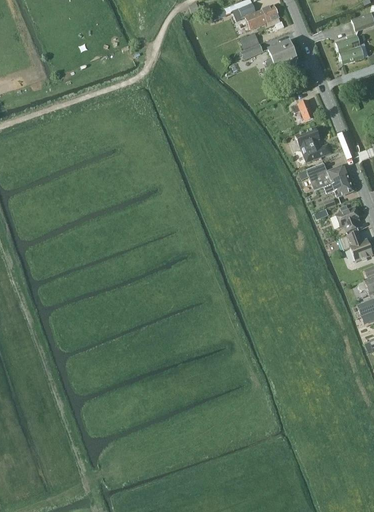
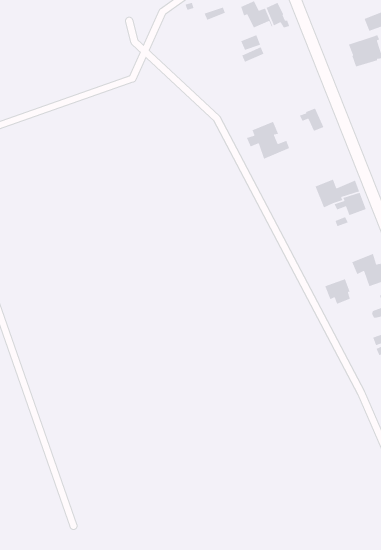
building: [268,39,297,70] -> none
building: [290,126,330,161] -> [246,121,290,160]
building: [335,206,359,230] -> [324,278,351,305]

